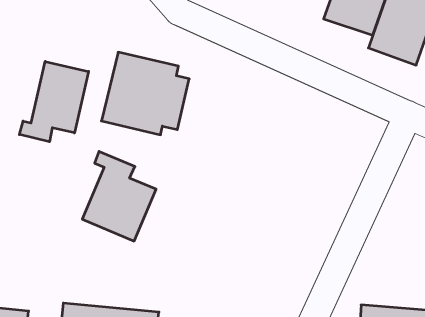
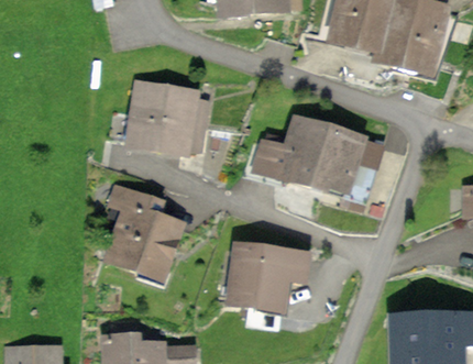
building: [19,61,89,142] -> none
building: none -> [246,115,365,205]
building: none -> [237,240,310,301]

